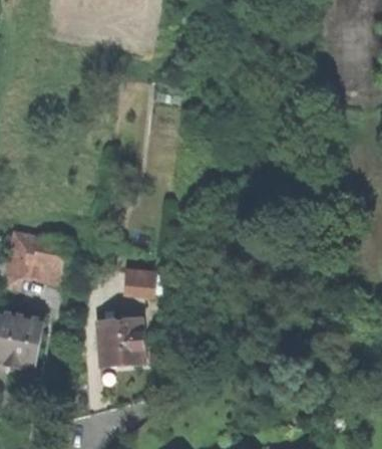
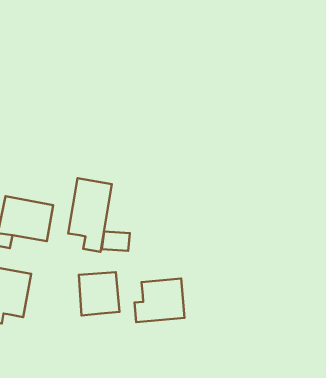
building: none -> [68,178,112,252]
building: none -> [134,279,185,322]

